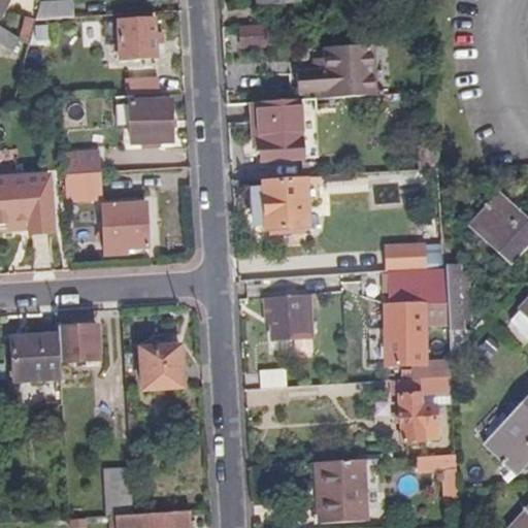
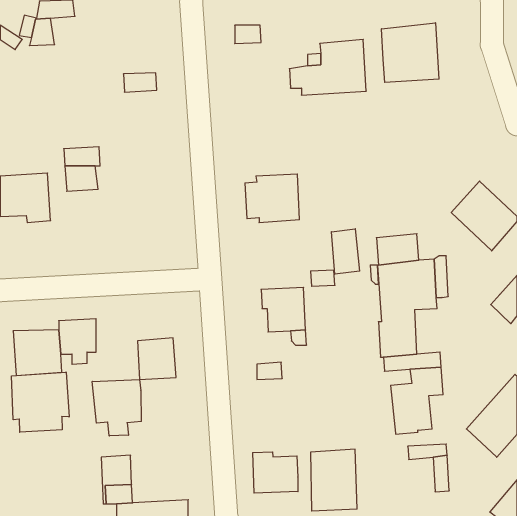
building: [119,23,157,63] -> none
building: none -> [382,23,439,82]
building: [254,99,301,157] -> none
building: [131,101,176,146] -> none
building: [104,202,151,246] -> none
building: none -> [331,229,360,274]
building: none -> [12,372,69,432]
building: none -> [92,379,141,436]
building: none -> [253,452,298,493]

